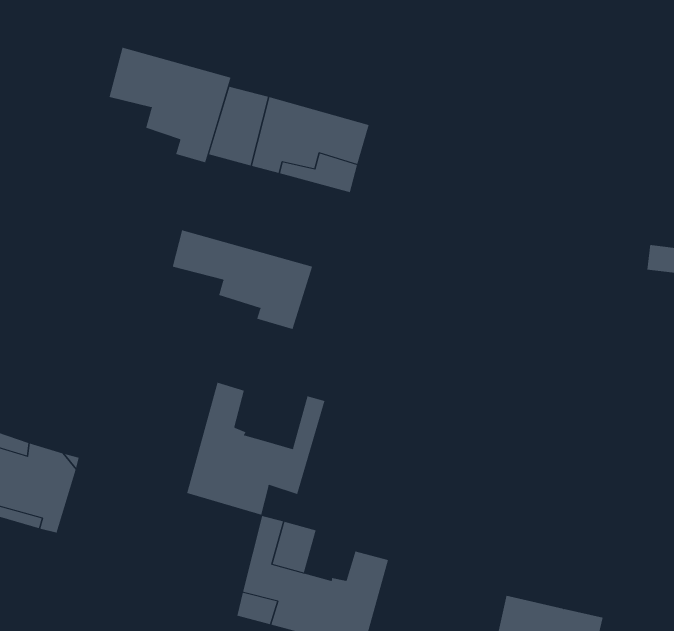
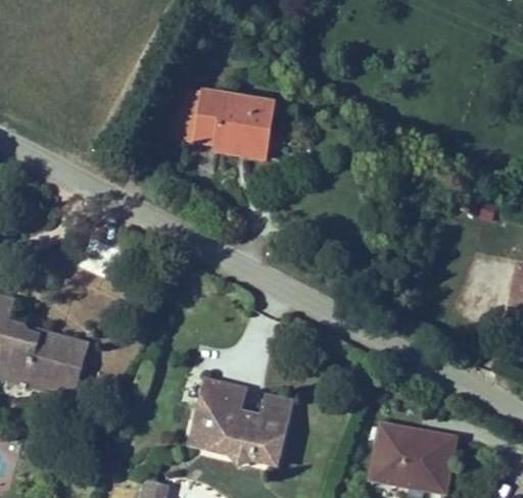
building: [109,47,231,163] -> none
building: [172,230,313,330] -> none
building: [186,382,325,515] -> none

